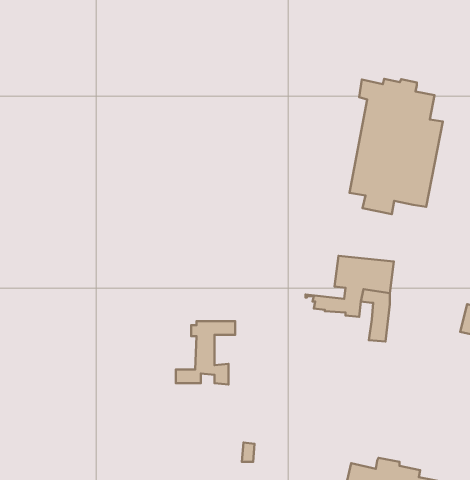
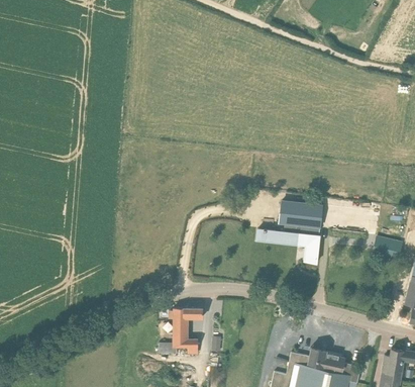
building: [349,79,443,214] -> none
building: [176,321,235,385] -> [160,308,203,355]

